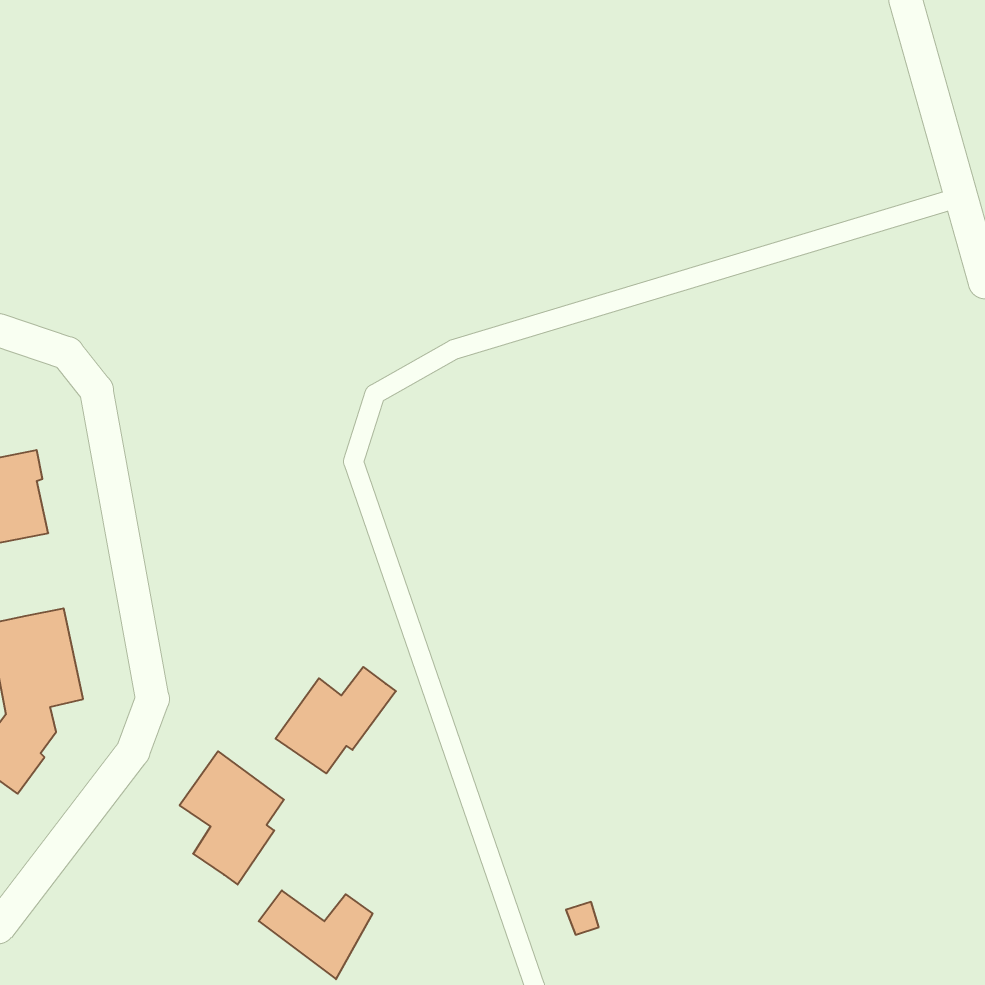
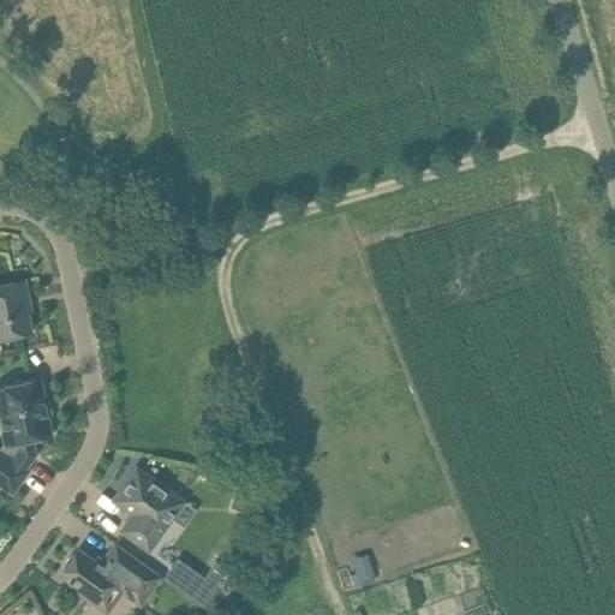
building: [276,667,396,773] -> none
building: none -> [59,545,160,608]

